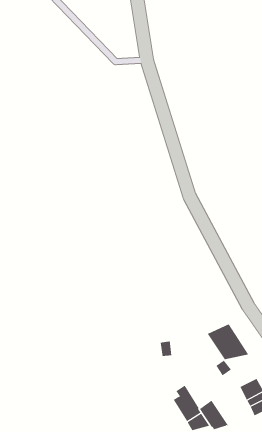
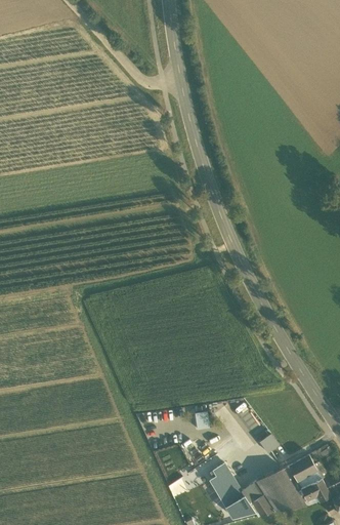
building: [207,323,249,360] -> [256,469,306,512]

